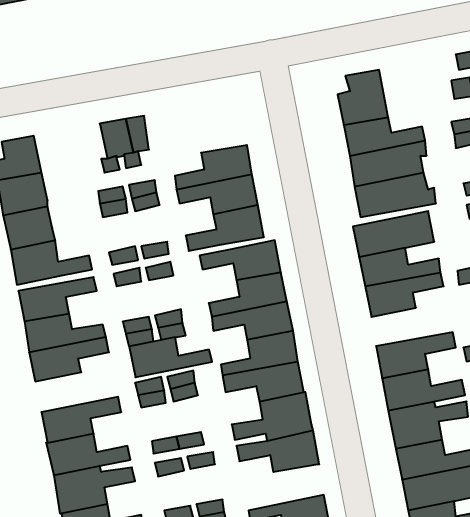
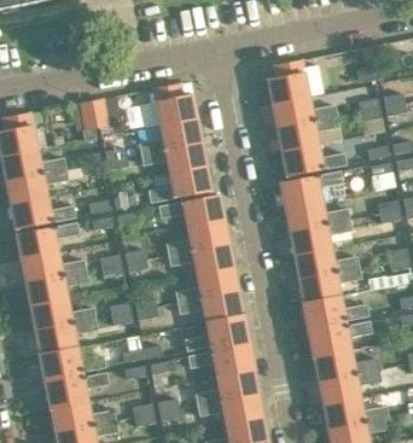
building: none -> [153,83,197,126]
building: none -> [295,247,359,278]
building: [129,337,212,377] -> [30,298,95,330]
building: none -> [196,371,257,407]

